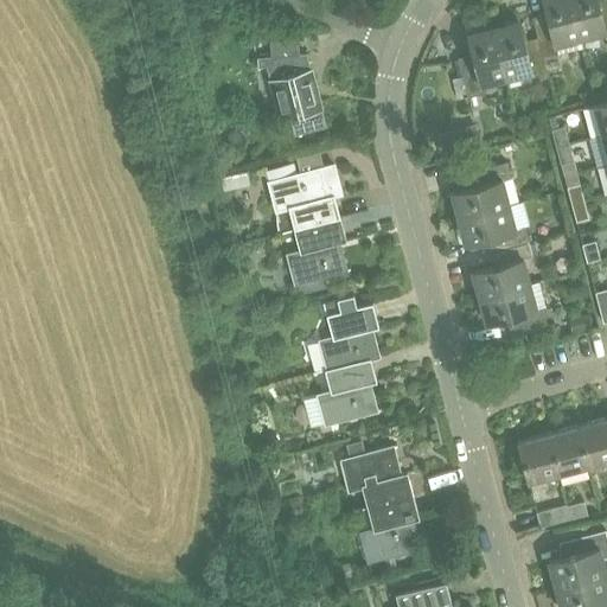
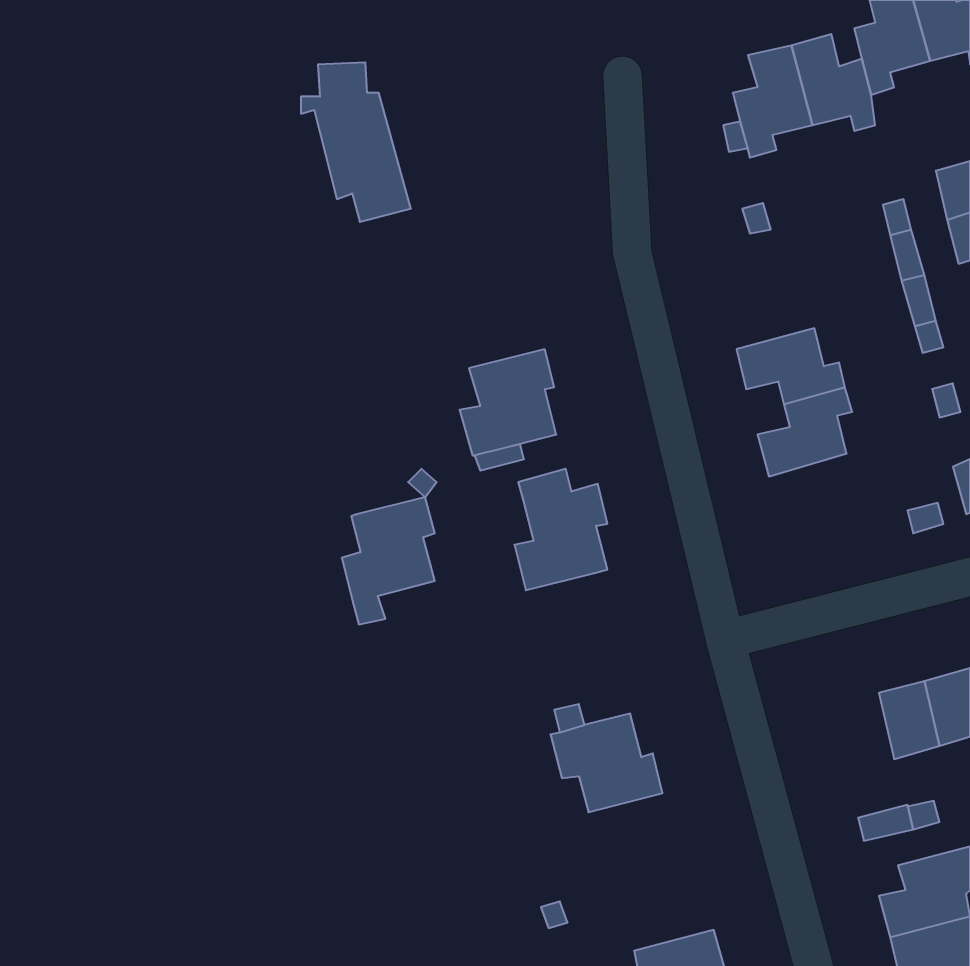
building: [258,39,327,139] -> [301,62,411,222]
building: [453,165,511,221] -> none
building: [268,168,341,232] -> none
building: [480,286,549,334] -> none
building: [319,360,377,440] -> [342,497,435,624]
building: [518,435,558,484] -> none
building: [362,498,420,563] -> none

